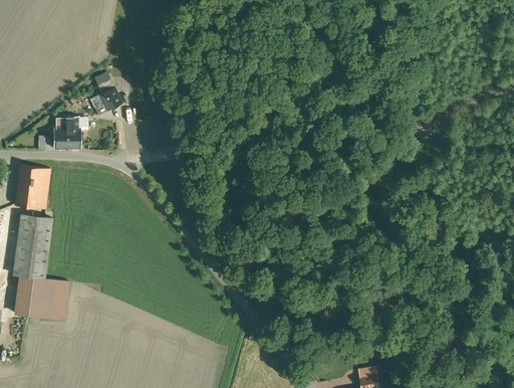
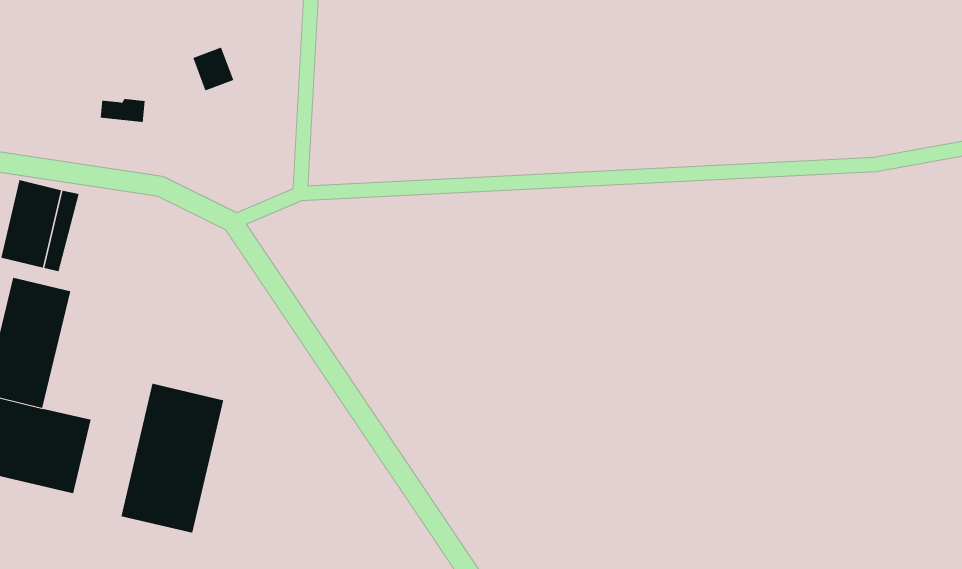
building: [54,130,78,147] -> none
building: none -> [121,383,224,534]

